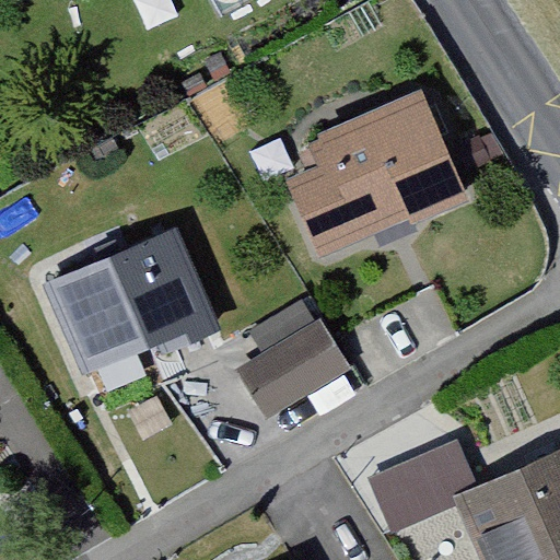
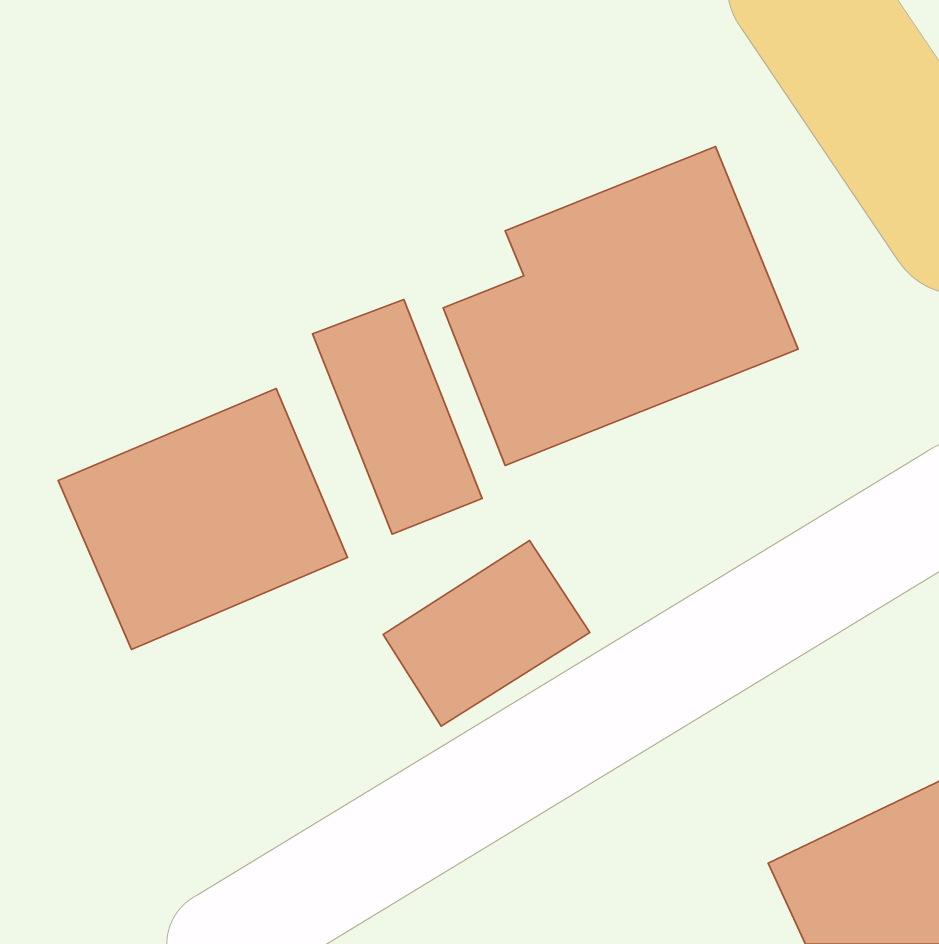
building: none -> [313,299,482,534]
building: [362,441,472,525] -> none

